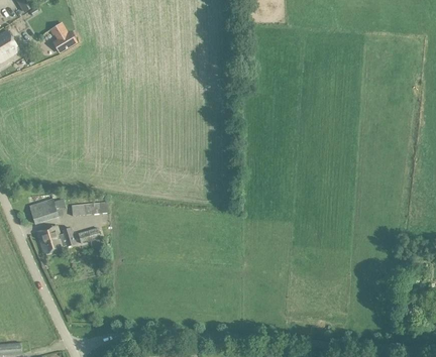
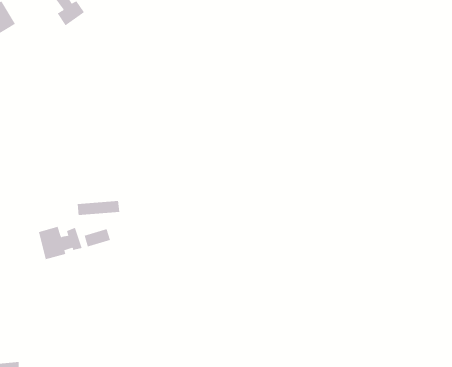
building: [29,199,58,224] -> none

